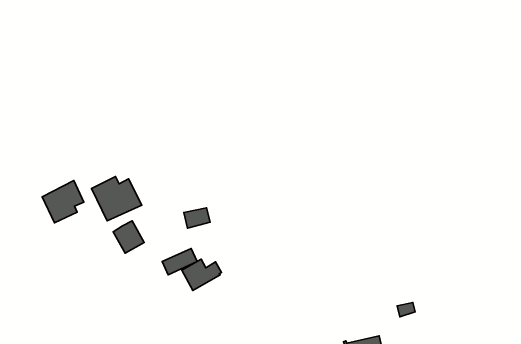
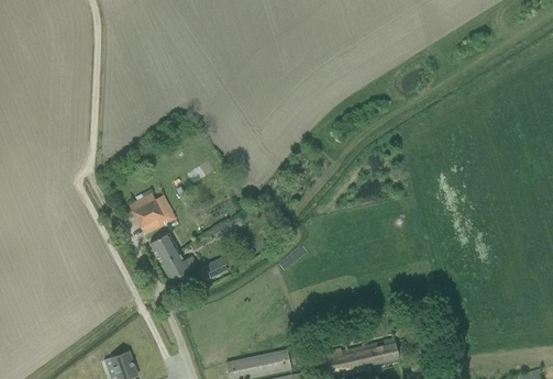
building: [42,181,84,223] -> none
building: [182,259,222,290] -> [161,253,197,281]

